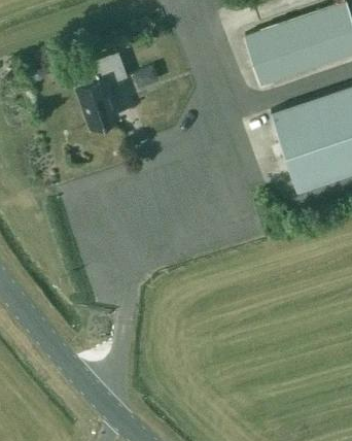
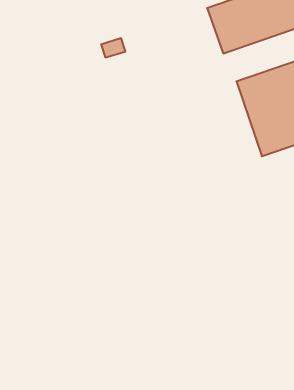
building: [75,58,127,133] -> none

